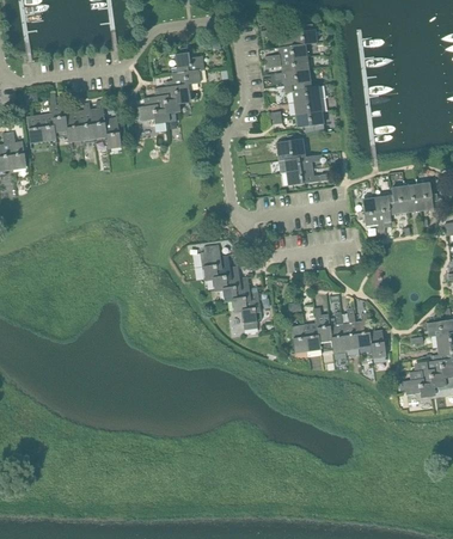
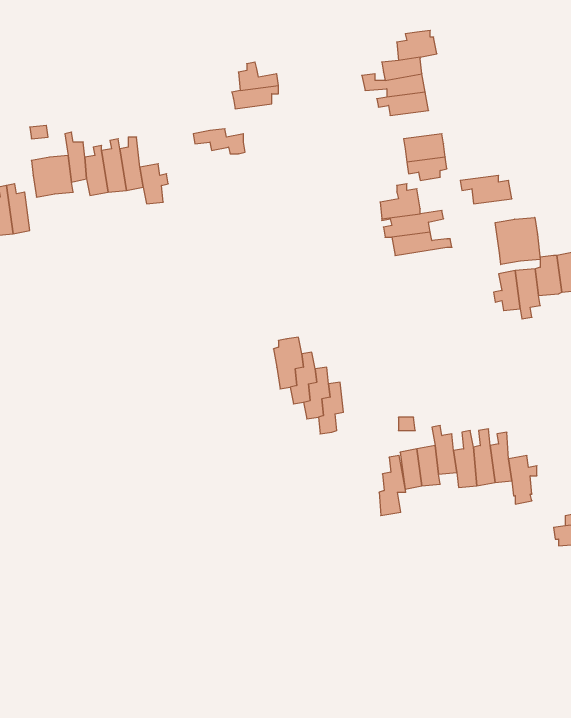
building: [153,76,200,104] -> none
building: [283,81,320,102] -> [460,175,512,204]
building: [133,104,176,131] -> none
building: none -> [495,217,540,265]
building: [241,286,261,329] -> [379,455,406,516]

